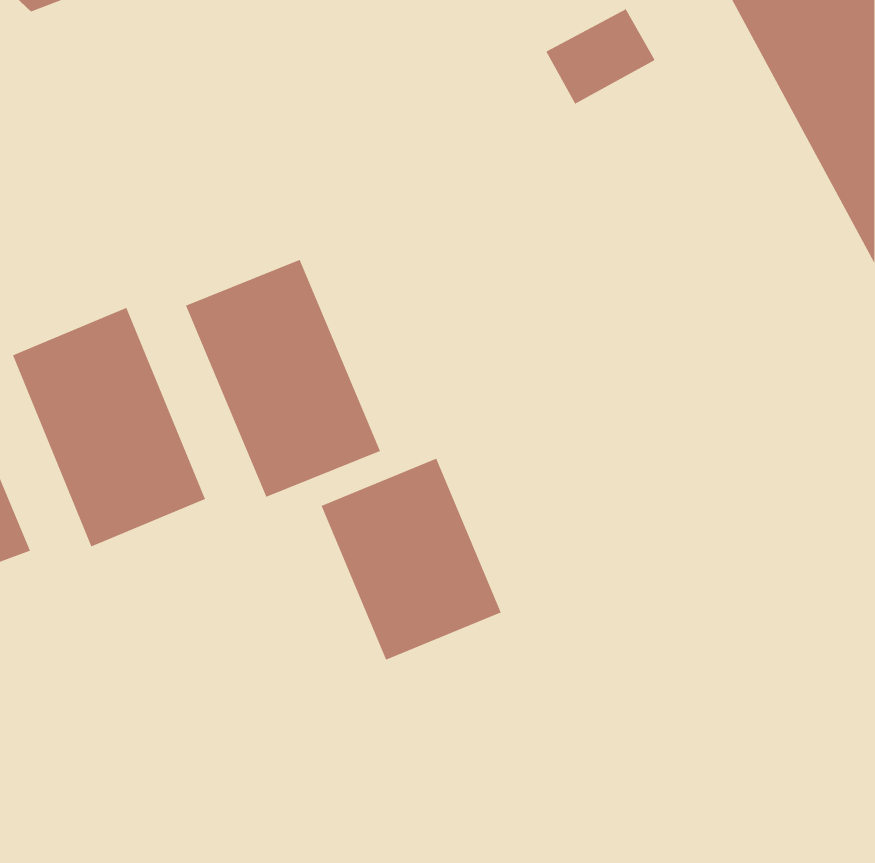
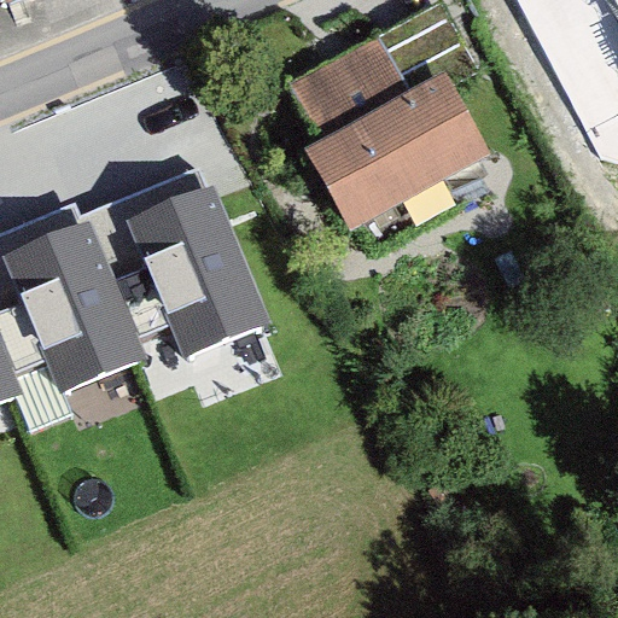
building: none -> [301,36,489,231]
building: [321,458,502,661] -> none

